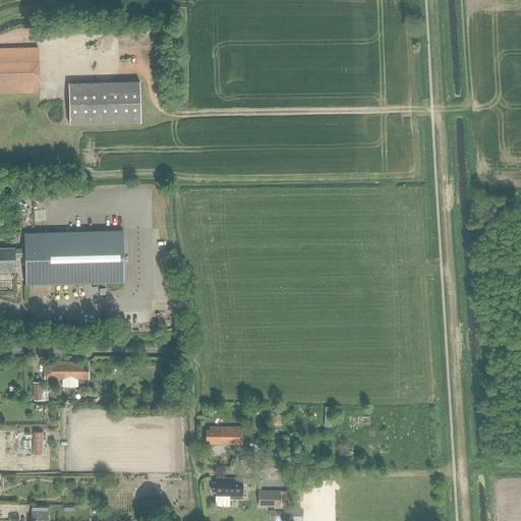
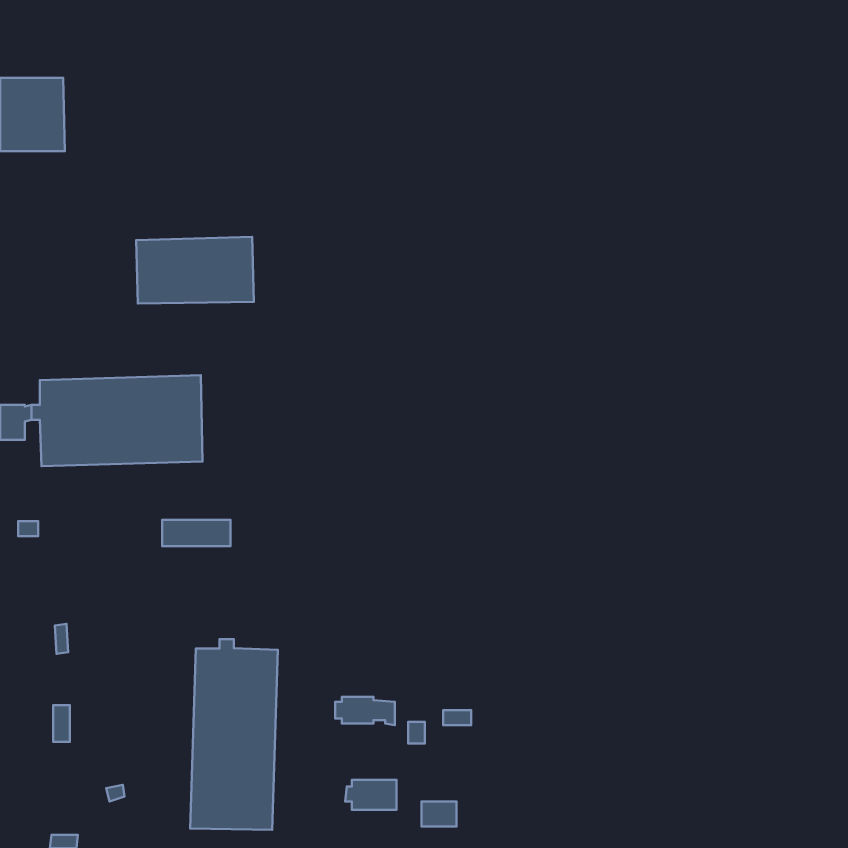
building: [68,82,140,123] -> [136,237,254,303]
building: [46,362,88,379] -> [162,520,230,546]
building: none -> [190,639,278,830]

